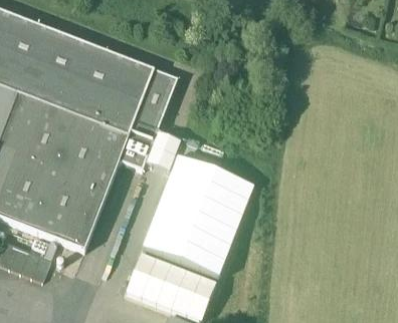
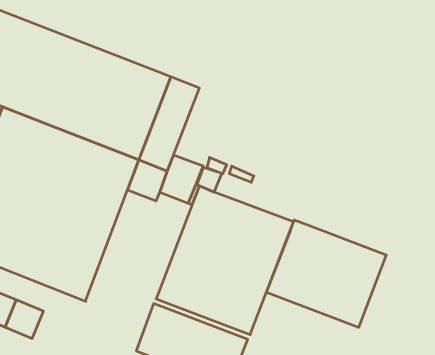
building: none -> [267,220,386,327]

